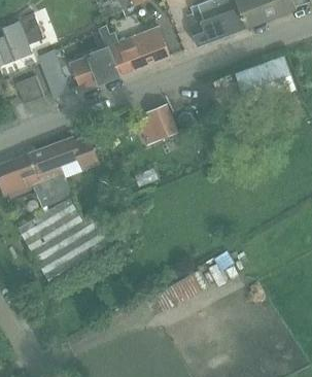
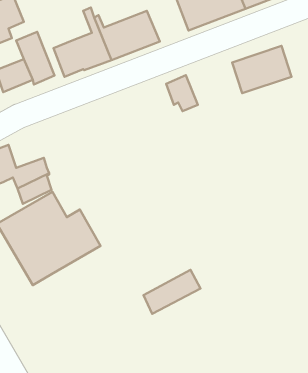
building: [150,110,180,144] -> [166,75,198,111]
building: [28,136,97,174] -> none

